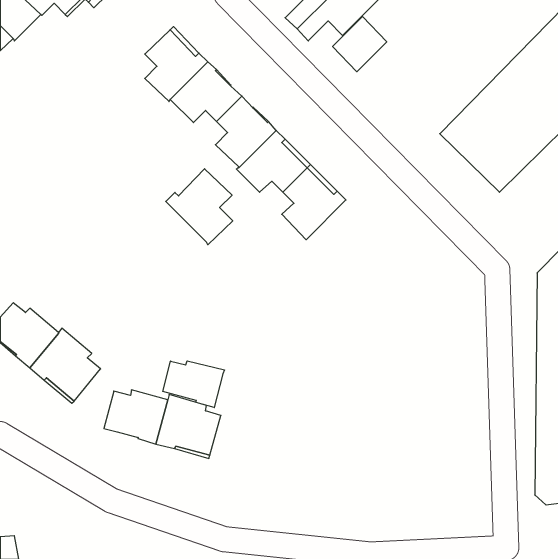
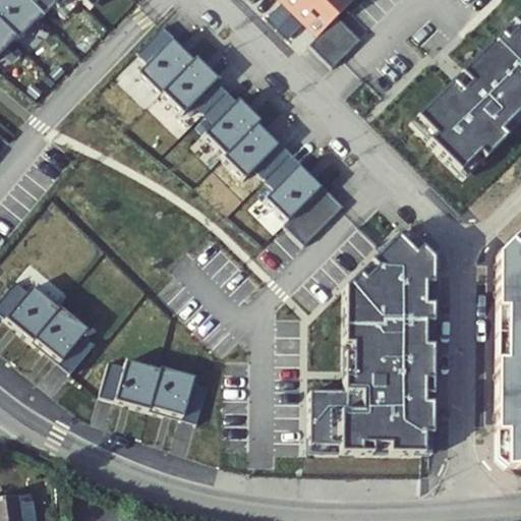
building: [166,169,233,245] -> none
building: none -> [286,184,345,243]
building: none -> [309,228,435,453]
building: [163,361,224,408] -> none

